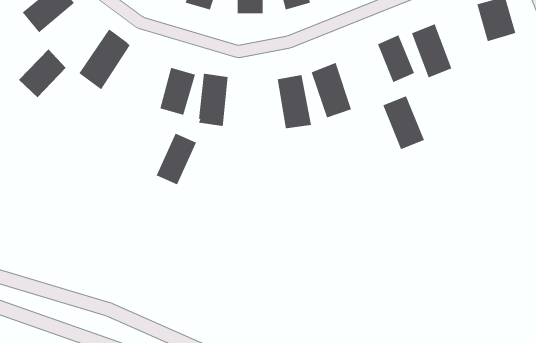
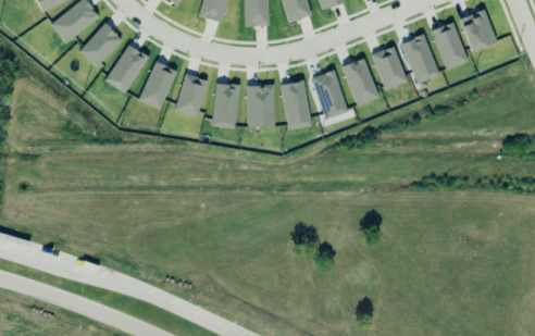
building: none -> [431,22,469,70]
building: [18,48,67,98] -> [78,23,122,67]
building: none -> [247,85,275,128]
building: [382,95,425,150] -> [339,55,377,104]
building: [156,133,197,185] -> [138,60,175,107]

